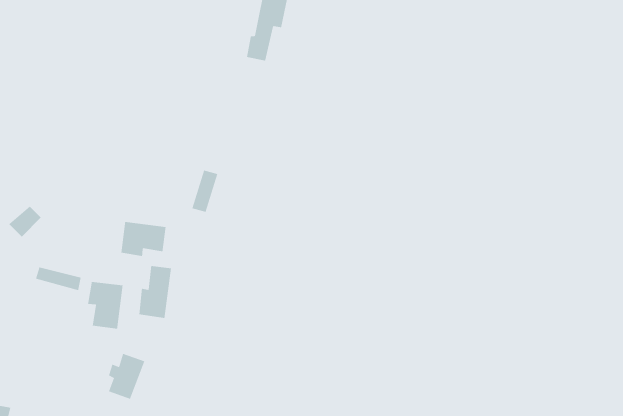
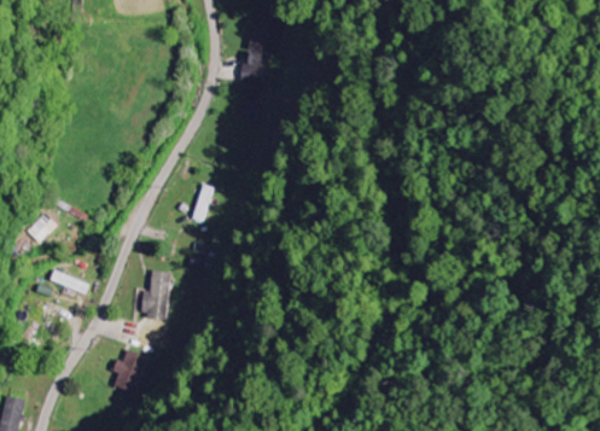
building: [121,221,166,257] -> none
building: [87,281,123,330] -> none

